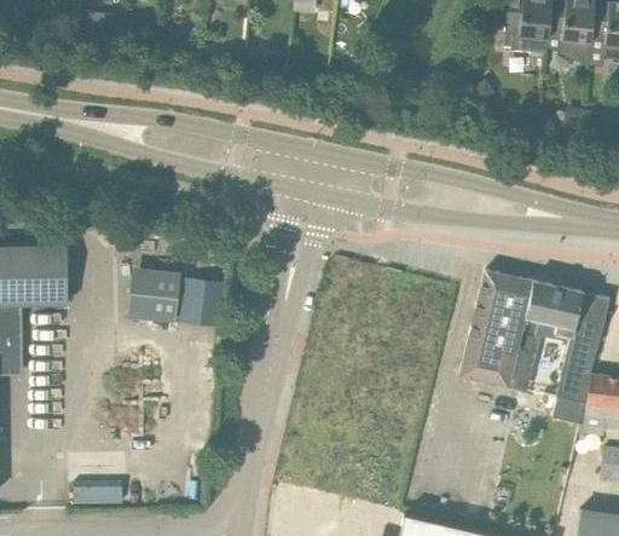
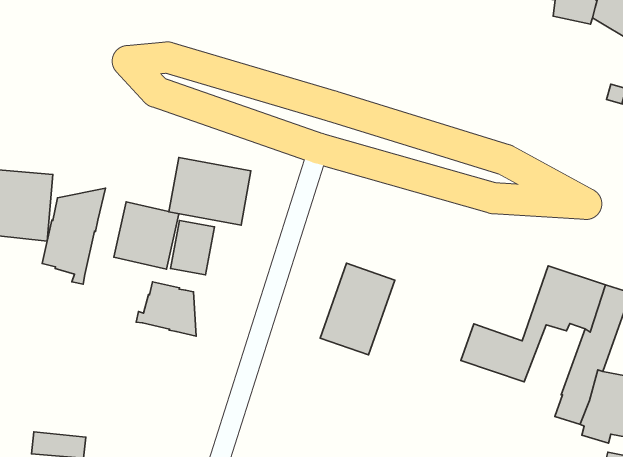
building: none -> [169,157,251,225]
building: none -> [42,188,105,284]
building: [468,271,531,353] -> [320,263,395,355]
building: none -> [136,282,196,336]

